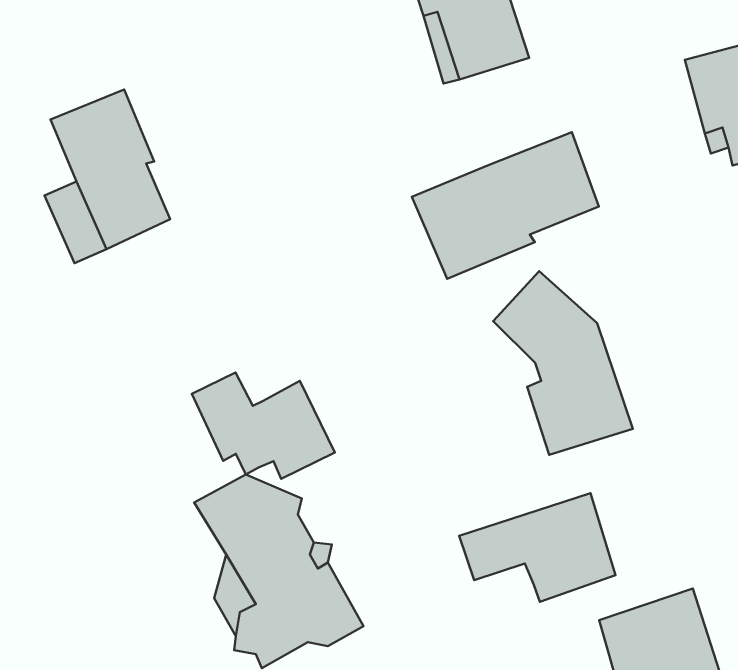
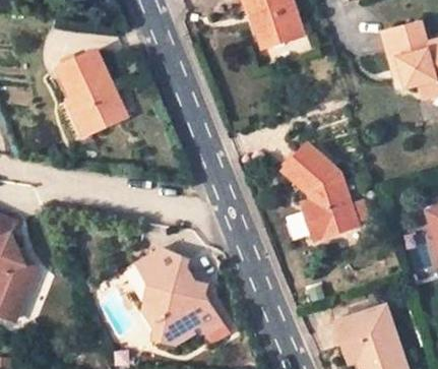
building: [412,132,599,279] -> none
building: [192,373,335,479] -> none
building: [459,493,615,602] -> none

